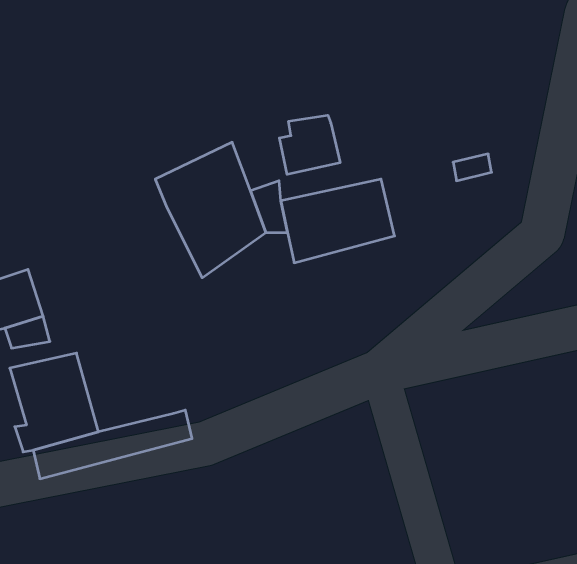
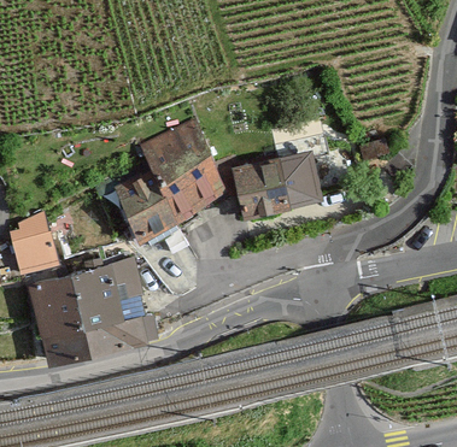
building: [279,115,340,174] -> none
building: none -> [113,172,170,241]
building: none -> [80,260,150,334]

